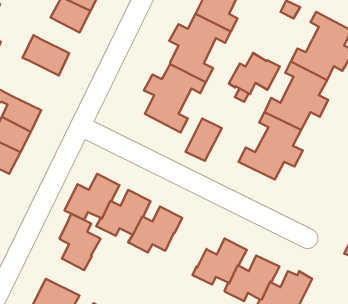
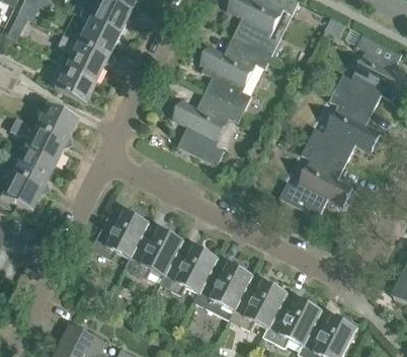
building: none -> [56,33,107,79]
building: [229,53,280,94] -> none
building: none -> [34,101,78,141]
building: [186,118,222,161] -> none
building: [59,214,100,270] -> none
building: none -> [194,263,254,319]

